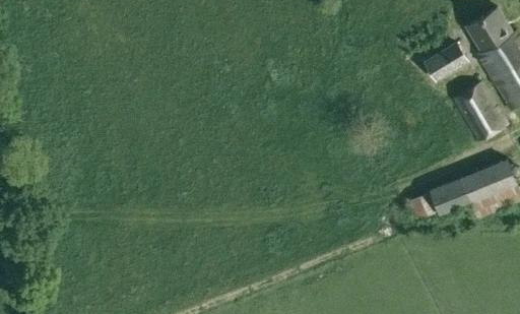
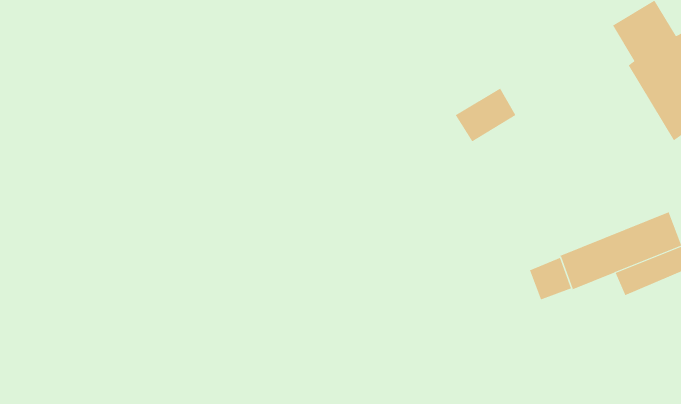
building: [425,42,468,80] -> [455,88,516,142]
building: [452,80,509,141] -> none

